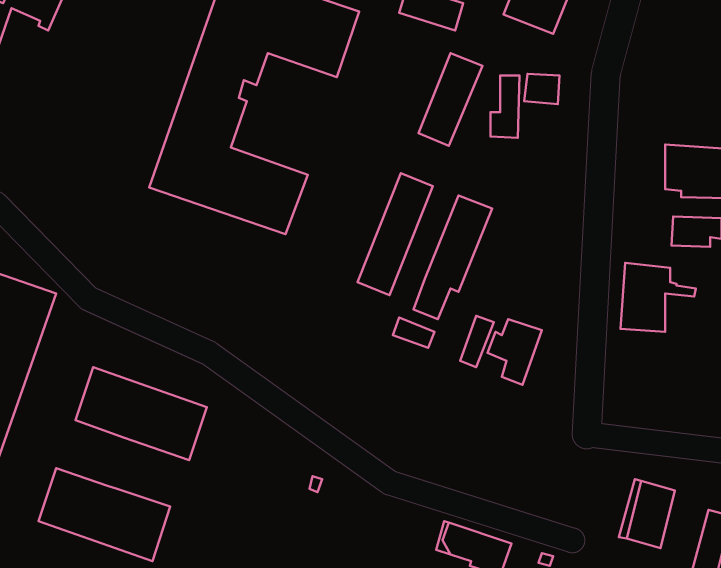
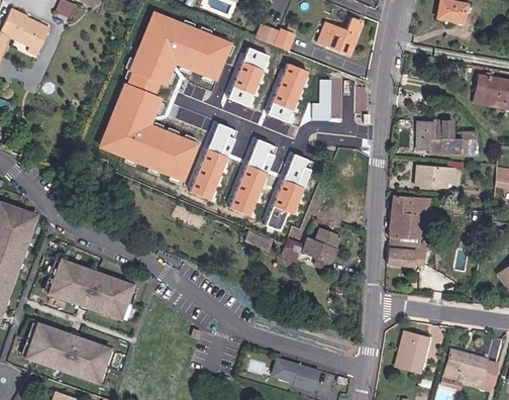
building: none -> [225,47,267,107]
building: none -> [188,123,235,200]
building: none -> [391,242,440,270]

